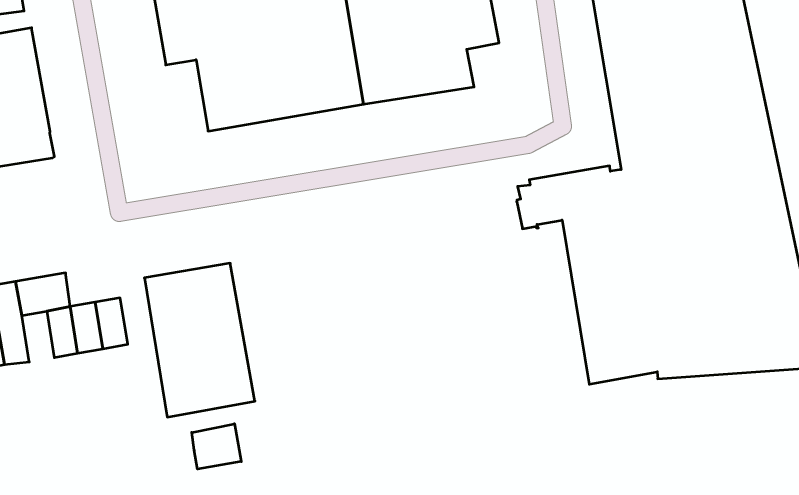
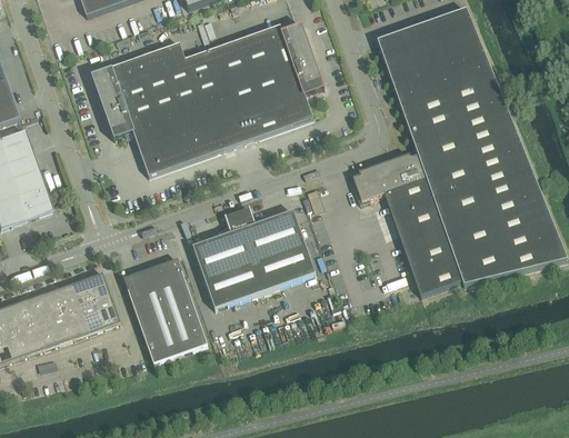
building: none -> [192,209,316,308]
building: none -> [72,271,110,302]
building: none -> [49,308,74,342]
building: [192,424,241,469] -> none

